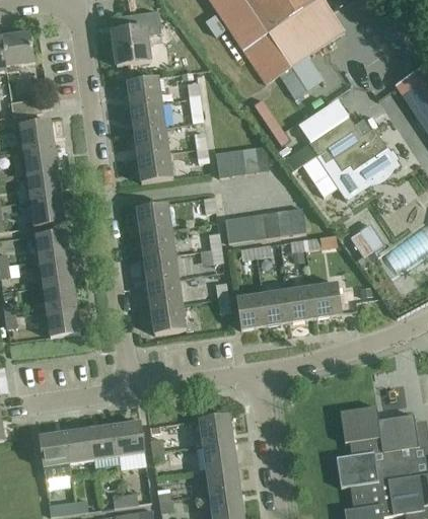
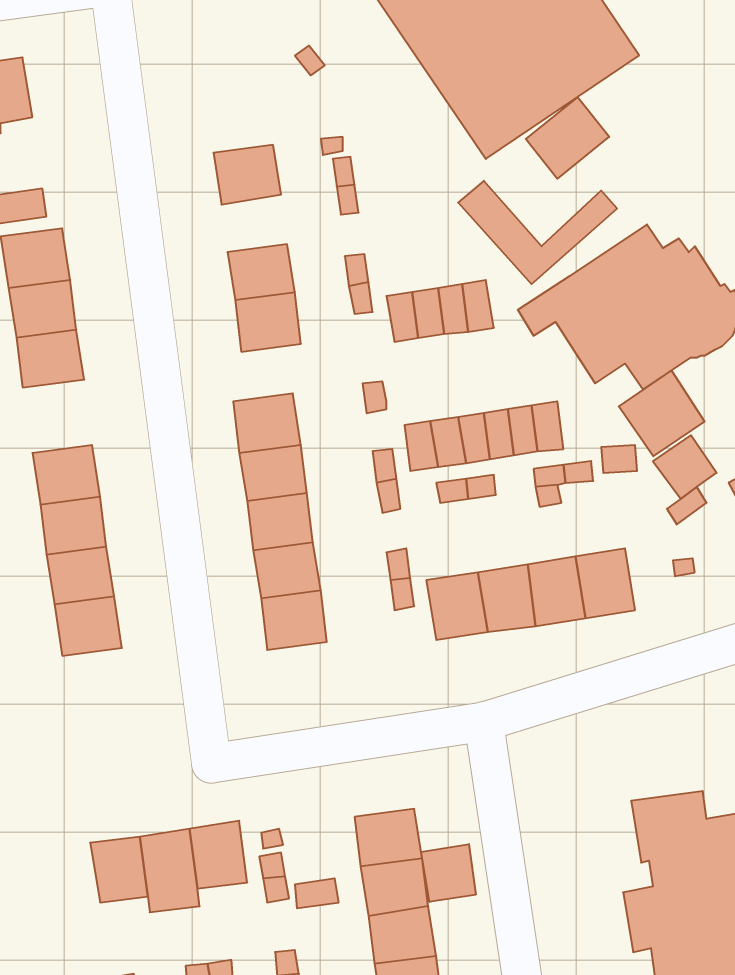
building: [112,10,160,65] -> none
building: [131,101,164,131] -> none
building: none -> [619,370,705,456]
building: [29,196,64,226] -> none
building: [40,432,71,479] -> none
building: none -> [421,844,476,902]

